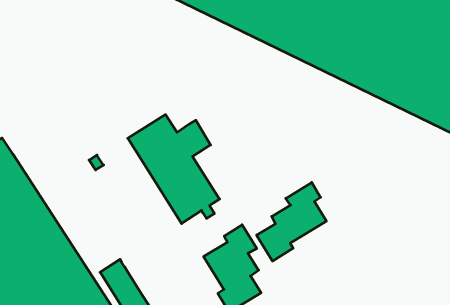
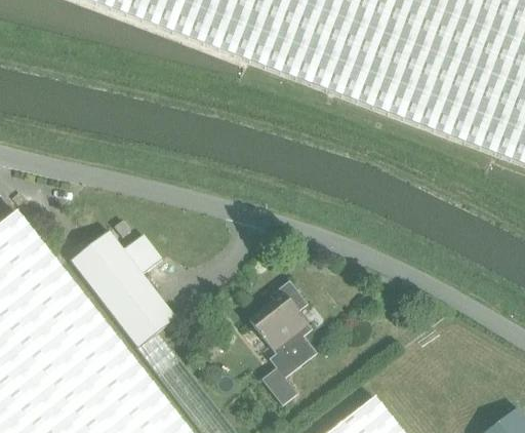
building: [128,115,220,224] -> [70,230,176,348]
building: [257,182,326,261] -> none

